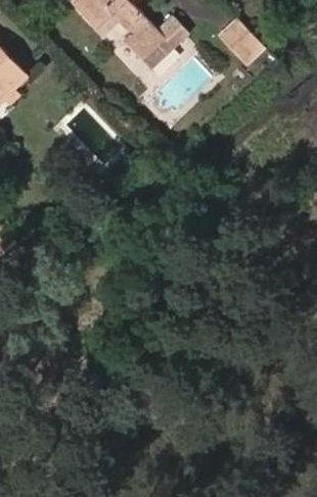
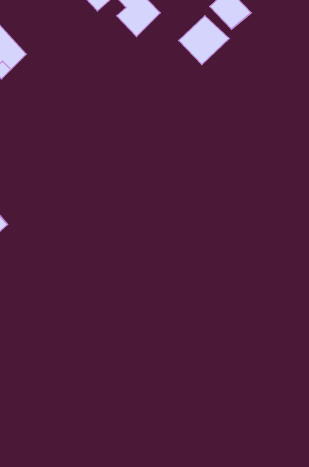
building: none -> [179,16,229,64]

